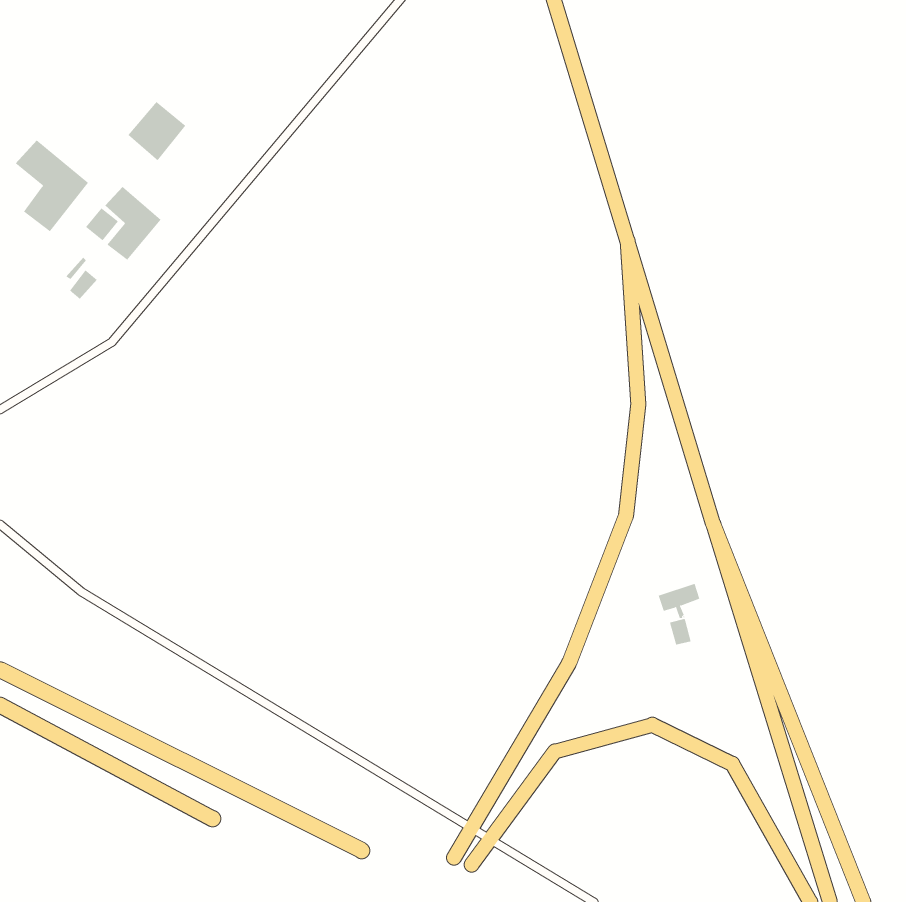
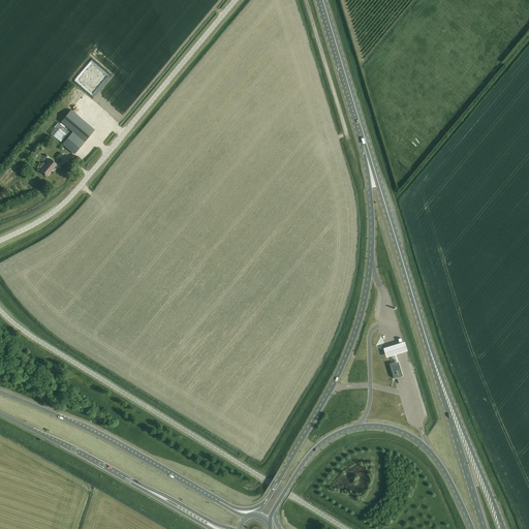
building: [15,140,89,232] -> none

